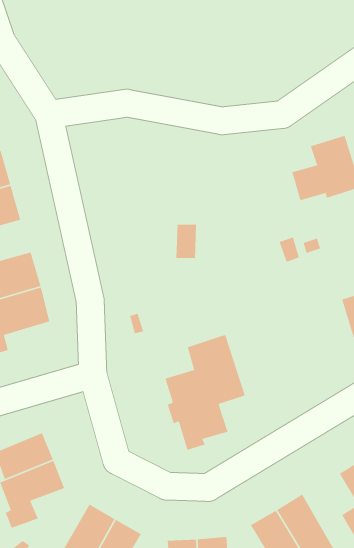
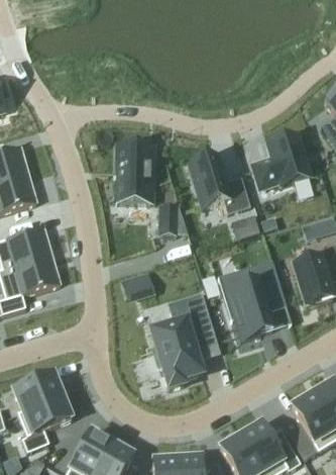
building: none -> [114,142,152,201]
building: none -> [190,153,249,210]
building: none -> [226,259,287,339]

